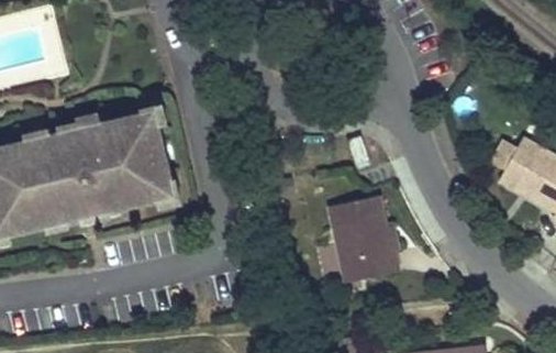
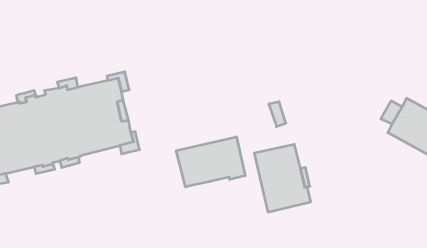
building: none -> [176,137,245,187]

